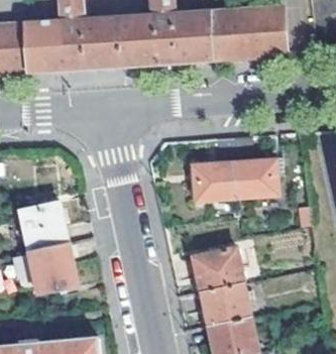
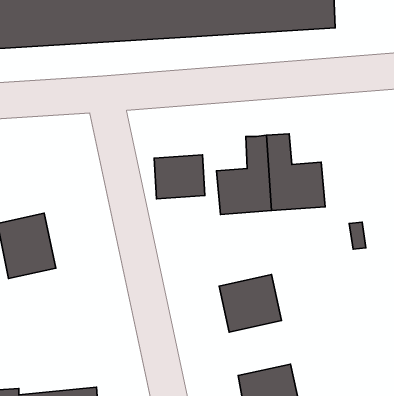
building: none -> [154,155,205,199]
building: [28,243,76,294] -> none
building: [203,284,251,328] -> none

